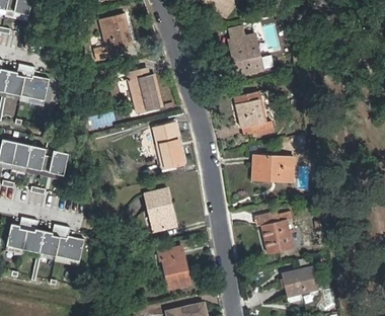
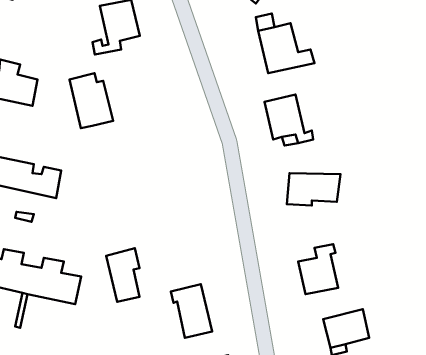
building: [127,69,162,113] -> [70,73,113,128]
building: [153,124,184,169] -> none
building: [144,188,171,232] -> [106,248,140,302]

